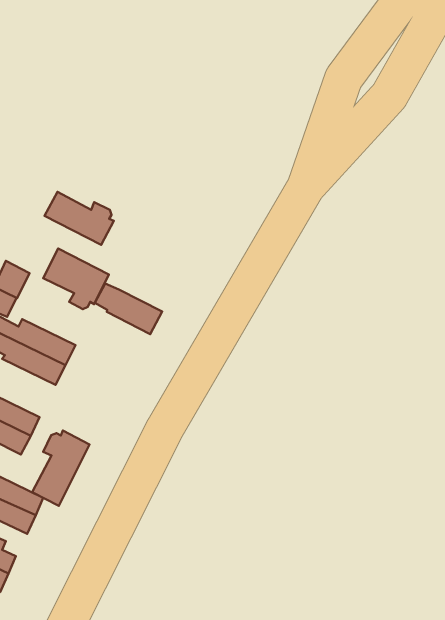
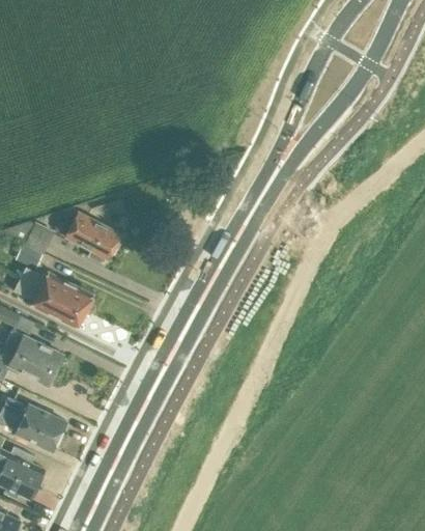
building: [45,192,114,245] -> none
building: [95,283,162,334] -> none
building: [32,431,90,506] -> none

